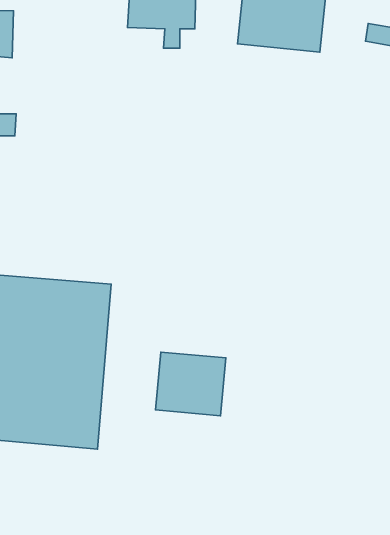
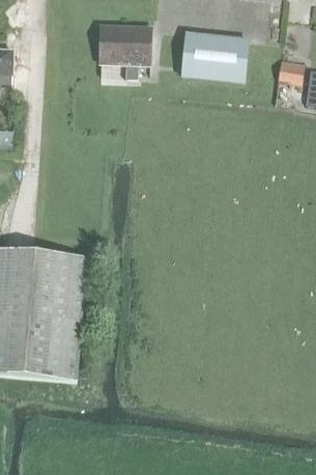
building: [156,352,226,416] -> none

